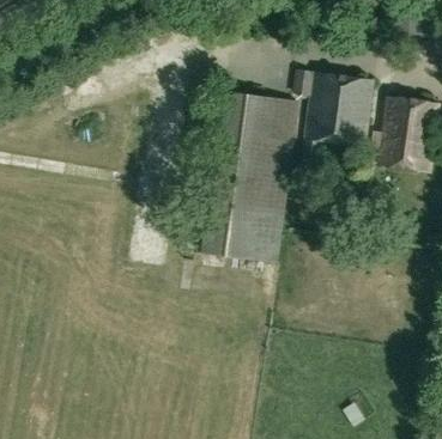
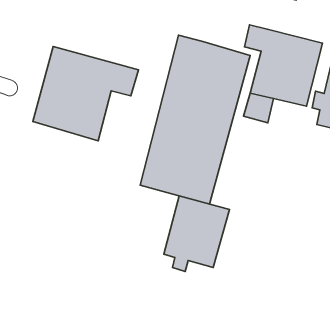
building: none -> [33,47,139,141]
building: none -> [164,196,229,272]

